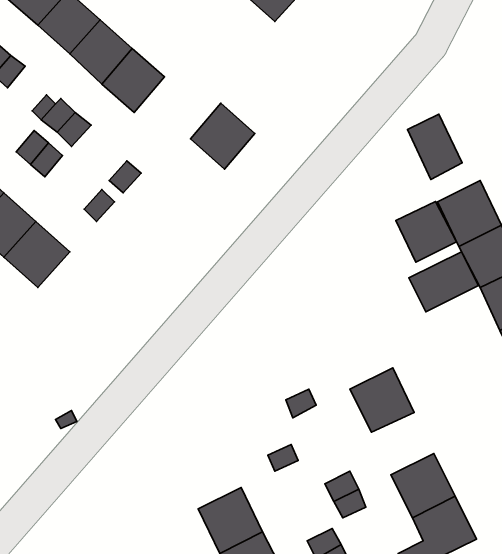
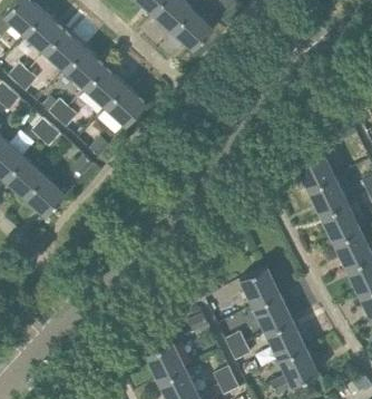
building: [191,103,255,169] -> [105,85,145,126]
building: [408,114,462,180] -> none
building: [396,201,457,262] -> none
building: [409,252,478,312] -> none
building: none -> [253,294,292,333]

